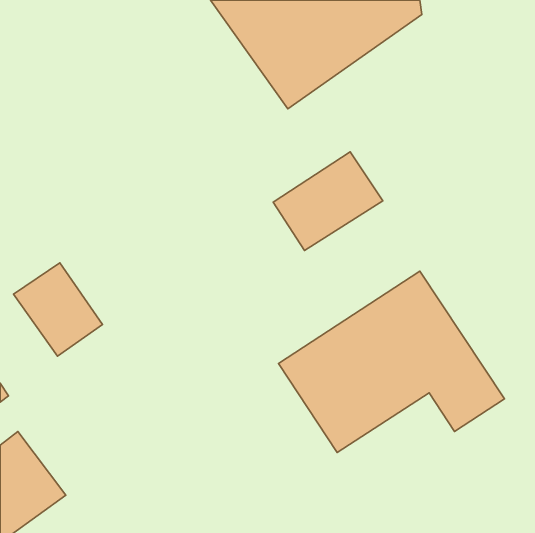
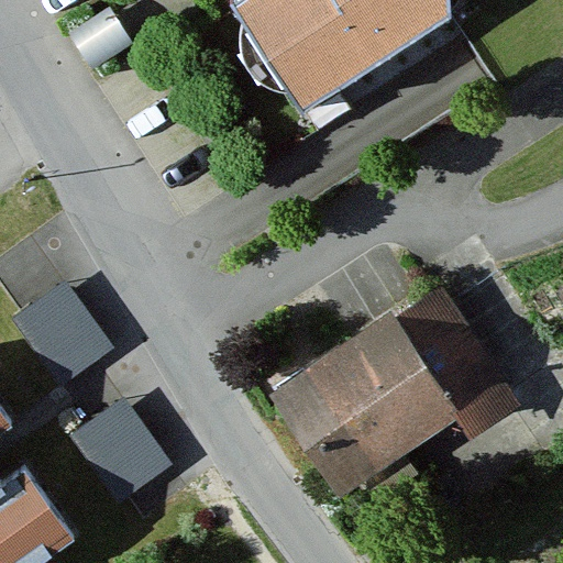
building: [273,152,383,251] -> none
building: none -> [73,396,166,495]

